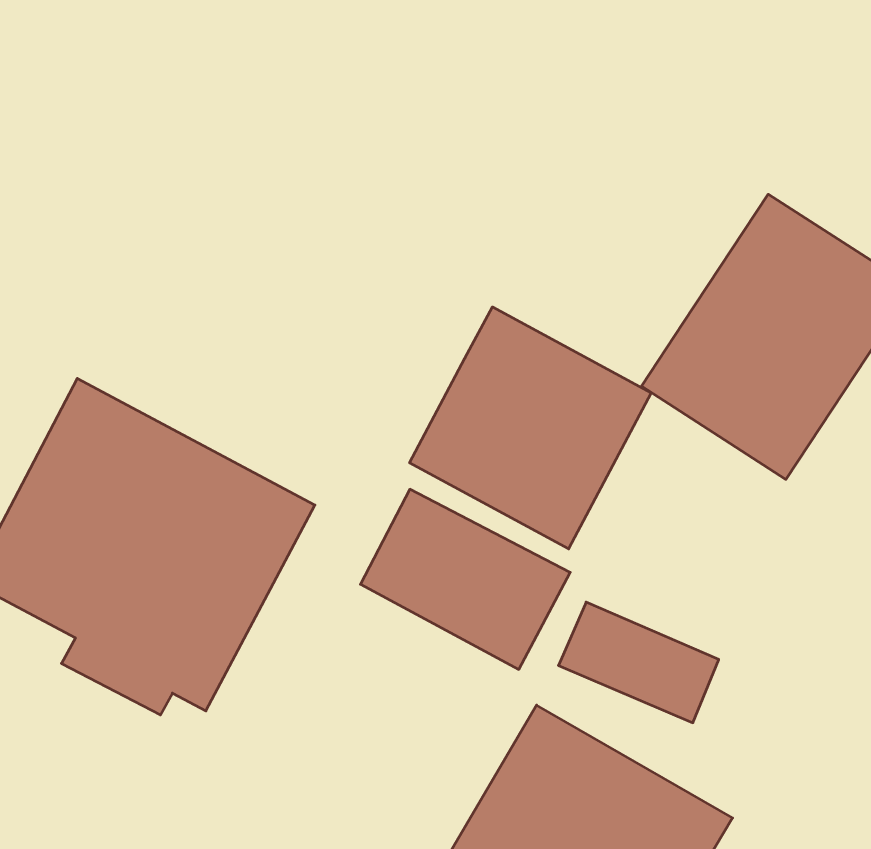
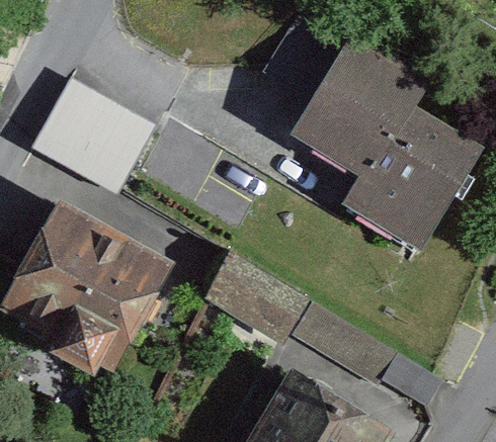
building: none -> [292,32,427,172]
building: none -> [30,84,149,195]
building: [410,307,651,549] -> none

